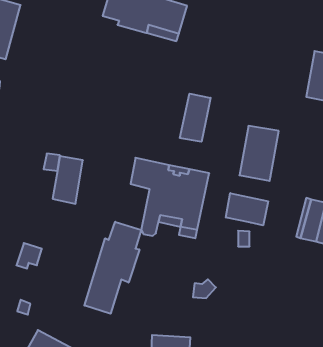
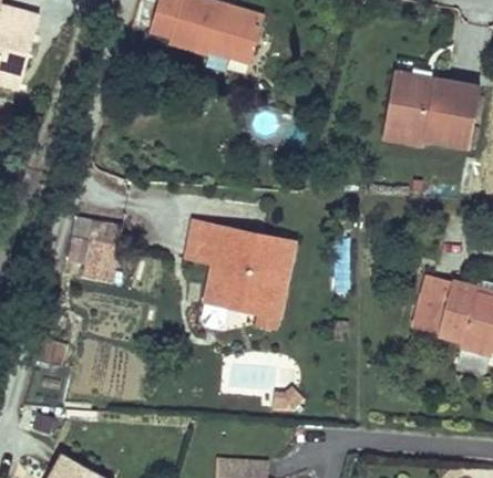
building: [180,94,211,142] -> none
building: [239,126,279,181] -> [382,71,435,145]
building: [226,193,268,225] -> none
building: [84,222,141,314] -> none

